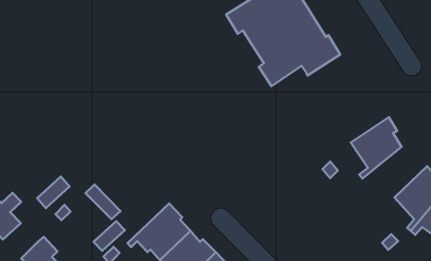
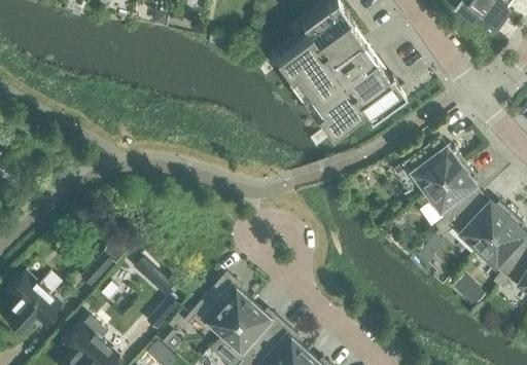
building: none -> [392,136,464,192]
building: none -> [440,193,511,250]

